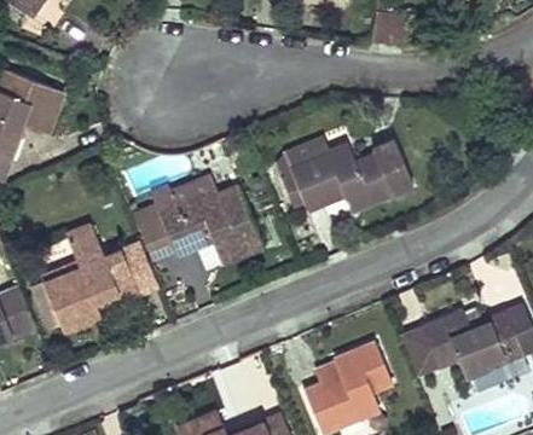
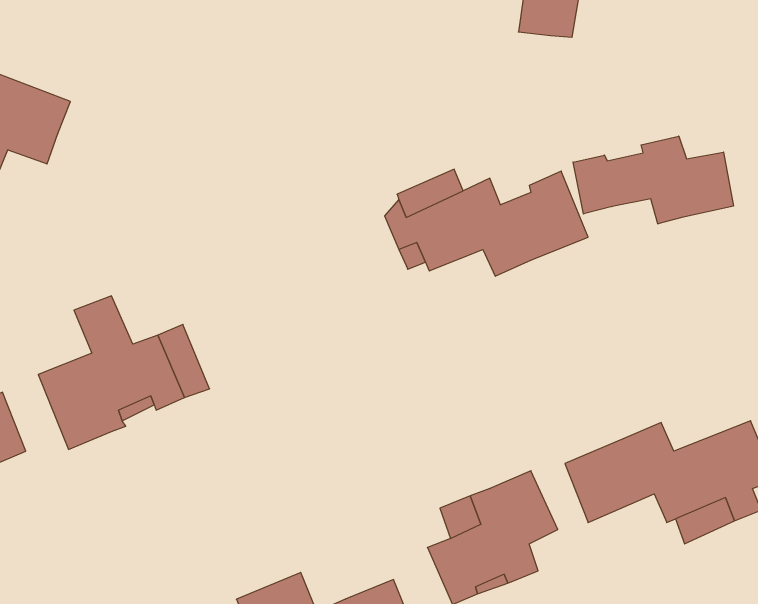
building: none -> [573,136,733,224]
building: [132,178,263,263] -> none

